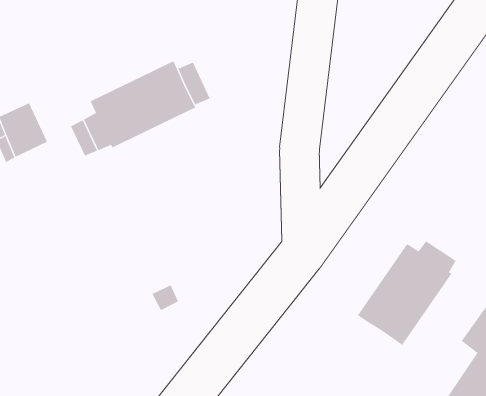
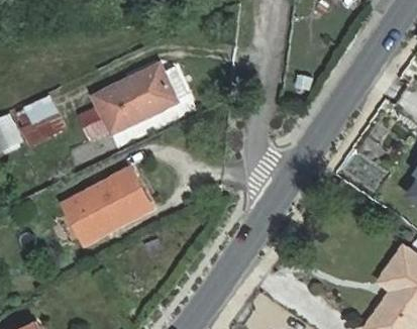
building: none -> [64,169,148,242]
building: [357,240,456,346] -> none

